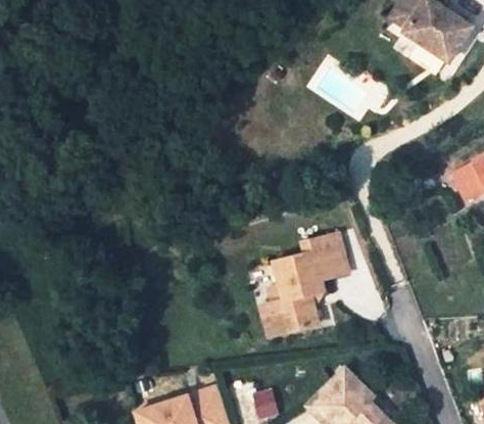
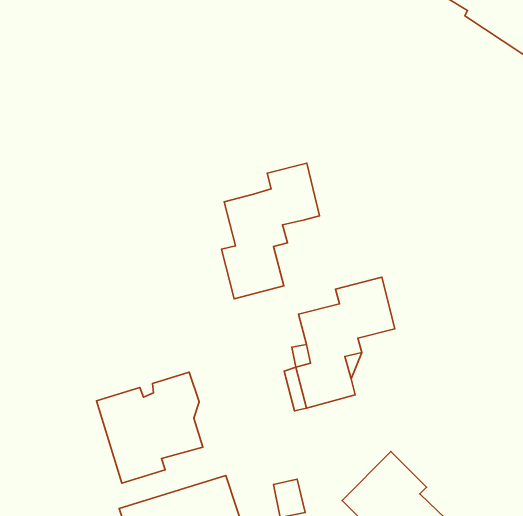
building: none -> [221,163,320,299]
building: none -> [96,372,203,483]

